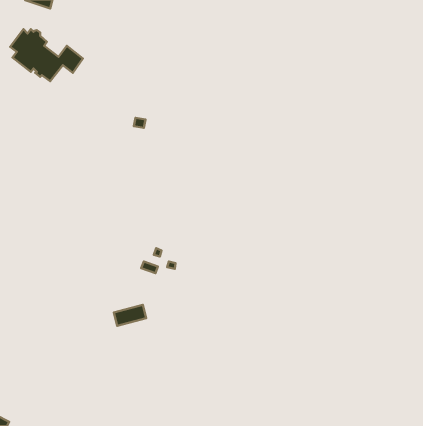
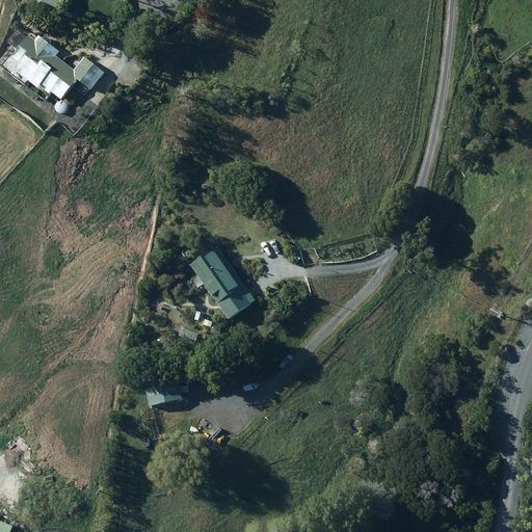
building: none -> [189,244,255,317]

